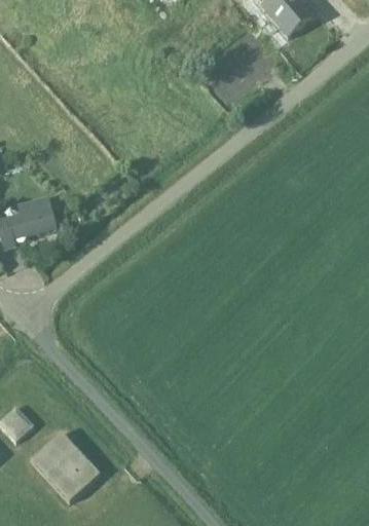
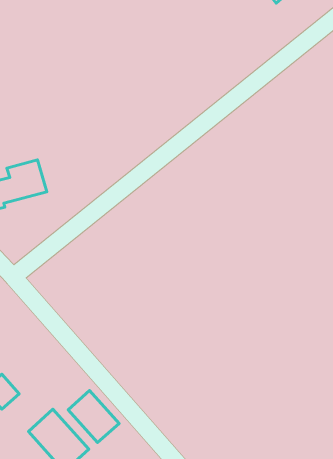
building: none -> [68,391,119,443]

